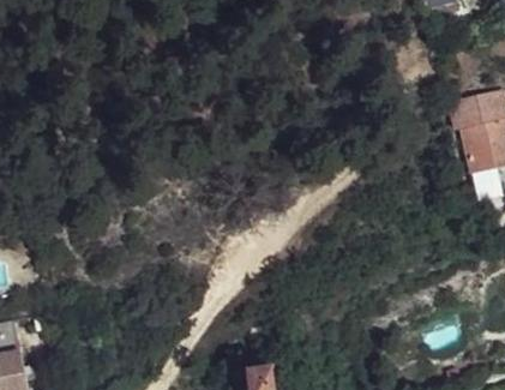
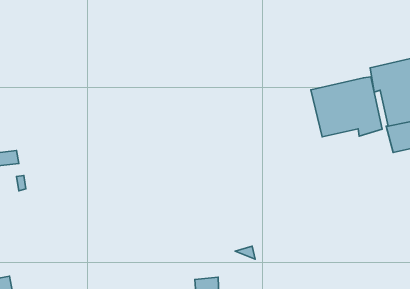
building: none -> [311,77,382,137]

